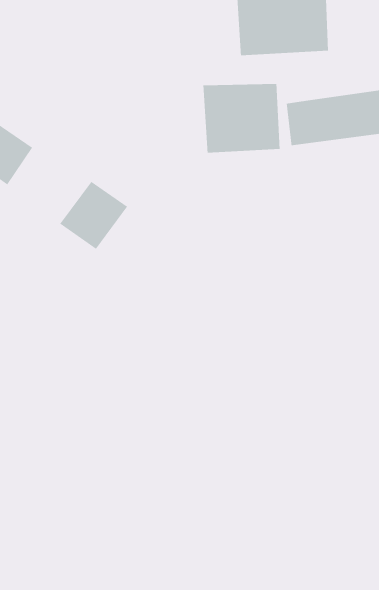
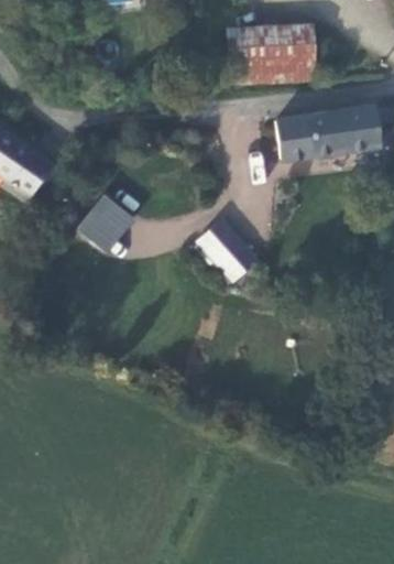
building: [202,83,281,154] -> none
building: none -> [197,219,256,282]

